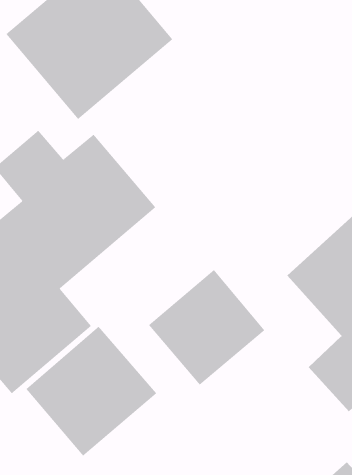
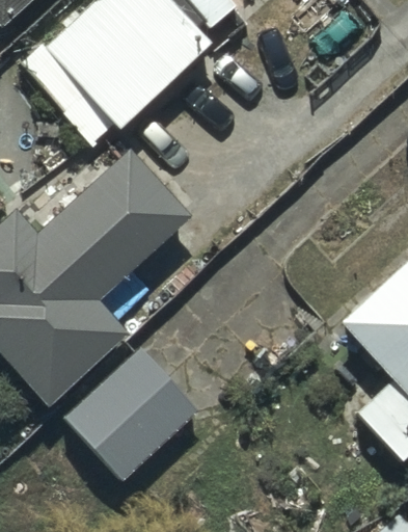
building: [148,269,265,386] -> none

